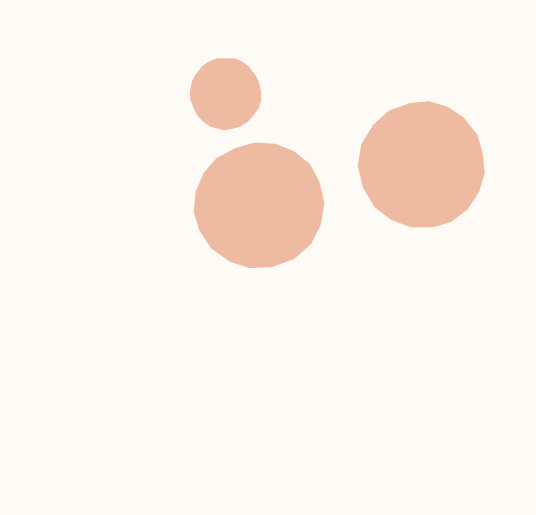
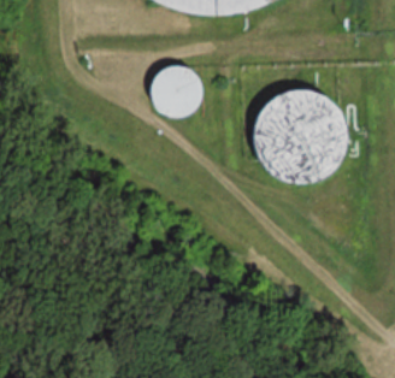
building: [193,142,325,269] -> none

